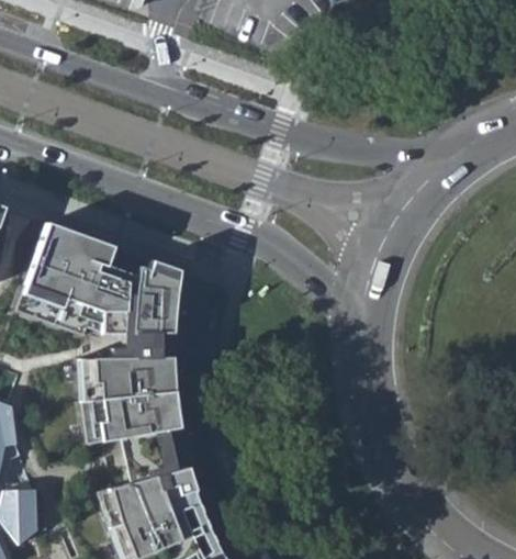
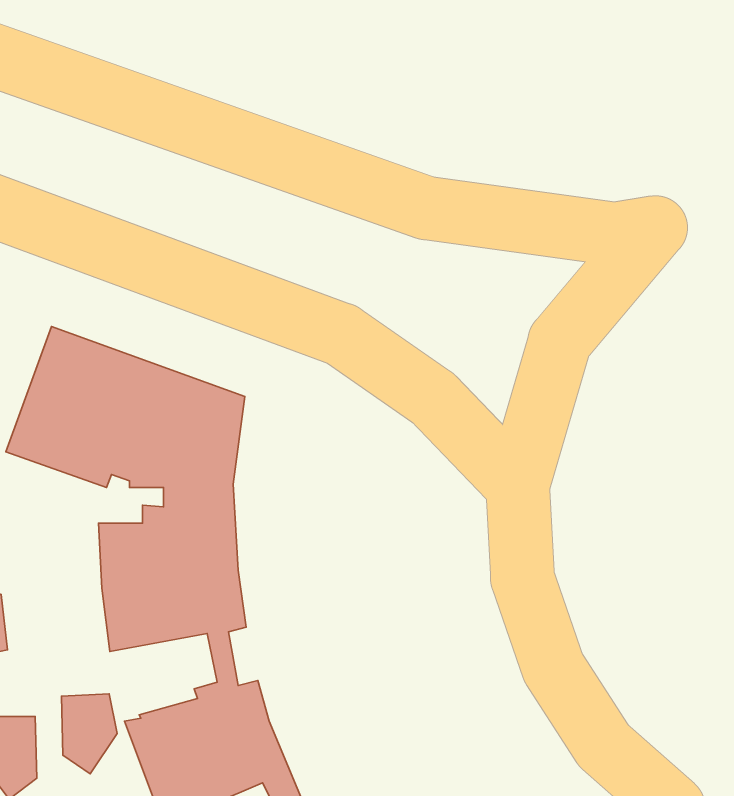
building: none -> [61,694,117,774]

